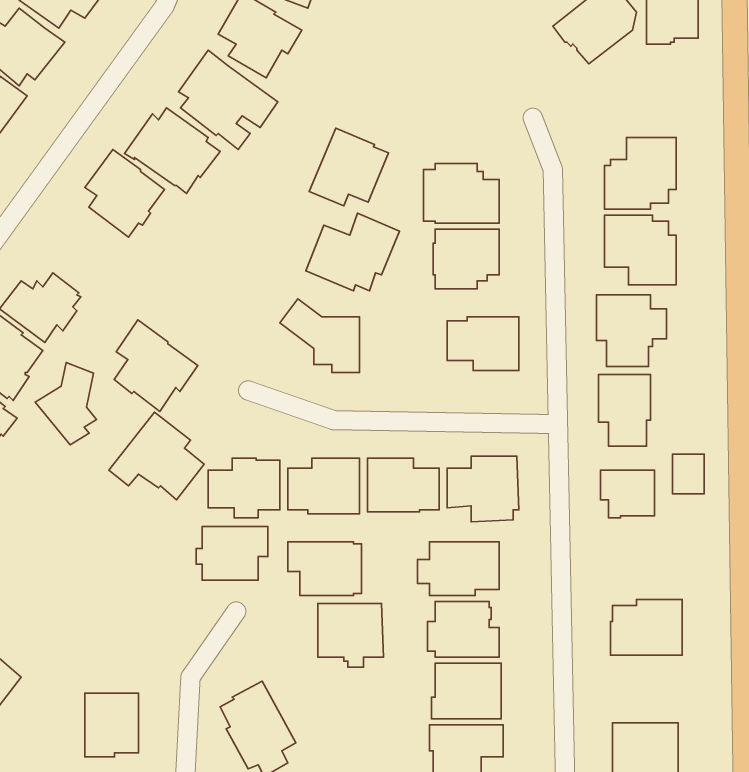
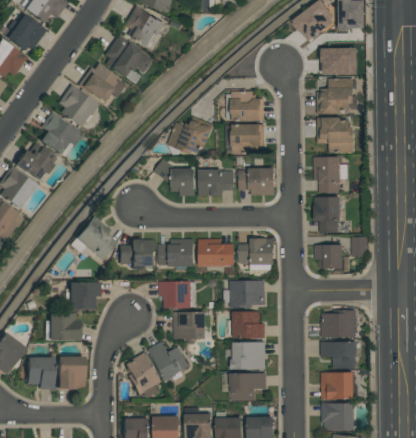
building: none -> [319,48,357,75]
building: [309,128,389,206] -> none
building: [114,320,198,411] -> [38,111,80,157]
building: none -> [199,170,234,196]
building: [35,362,96,445] -> none
building: [196,527,268,580] -> [64,282,100,309]
building: none -> [43,313,79,341]
building: none -> [148,341,189,381]
building: none -> [320,342,357,369]
building: none -> [25,357,52,389]

